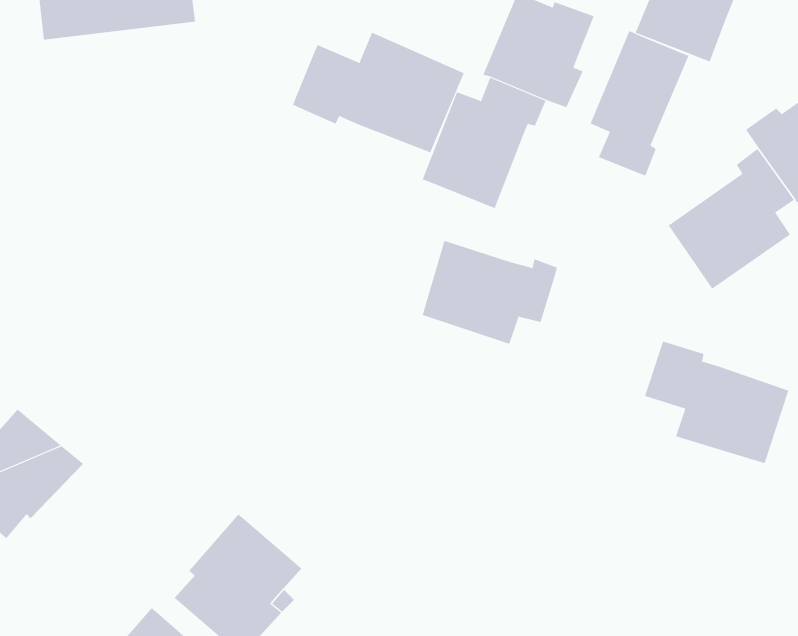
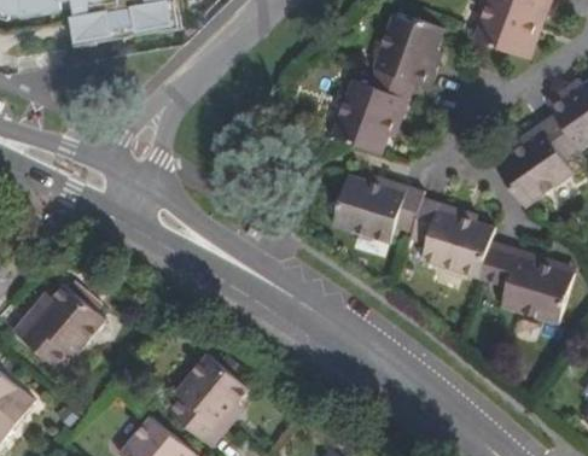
building: [590,30,689,176] -> none
building: [292,32,464,153] -> none
building: none -> [408,197,494,276]

